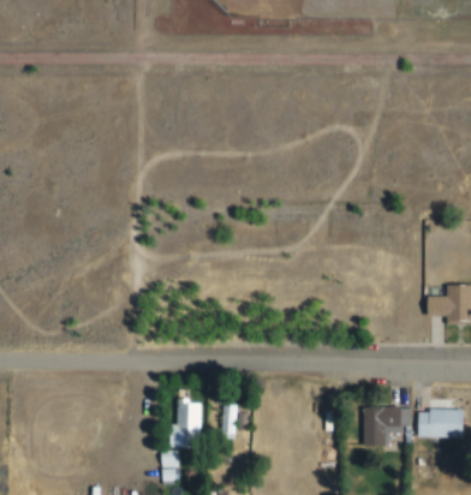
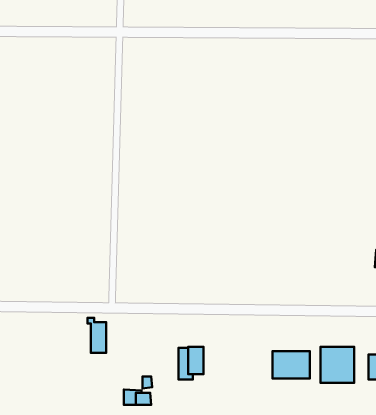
building: [181,398,202,436] -> [88,318,106,353]
building: none -> [273,351,310,379]

